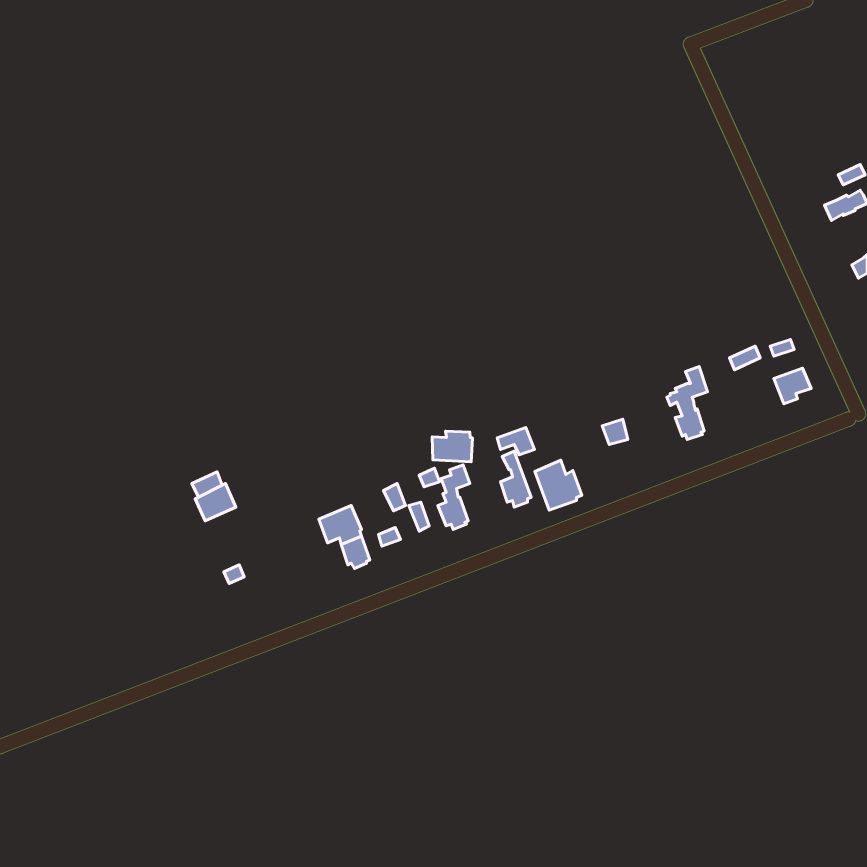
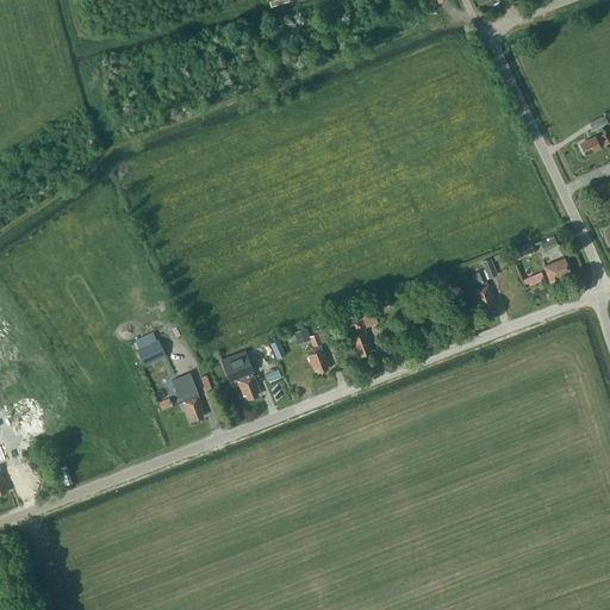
building: [432,431,472,462] -> none
building: [535,460,582,510] -> none
building: none -> [175,374,206,419]

